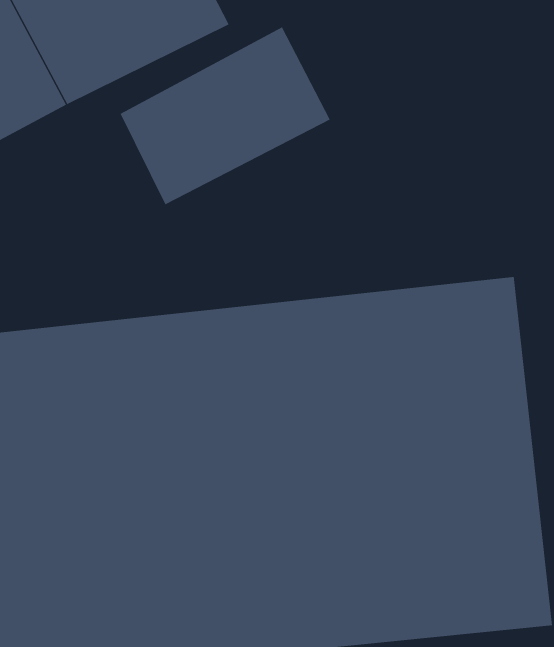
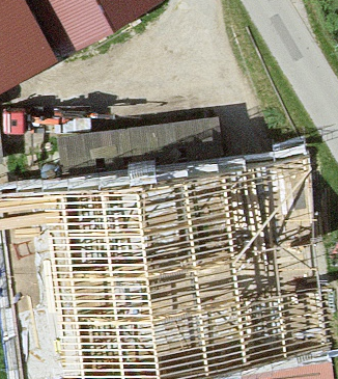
building: [120,27,330,205] -> none

